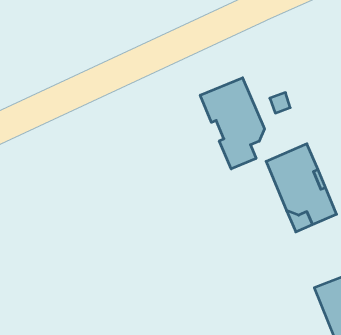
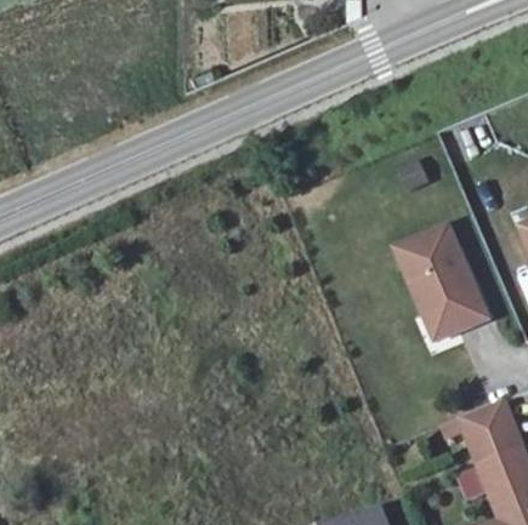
building: [200,78,264,169] -> none

